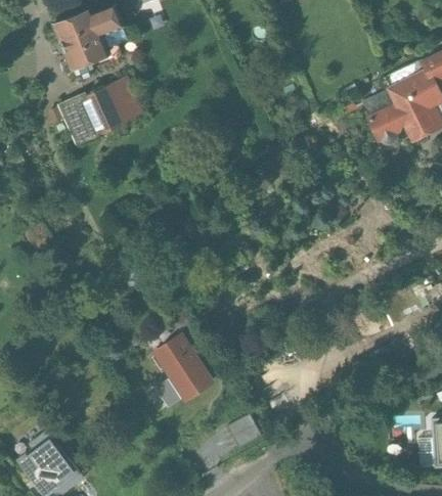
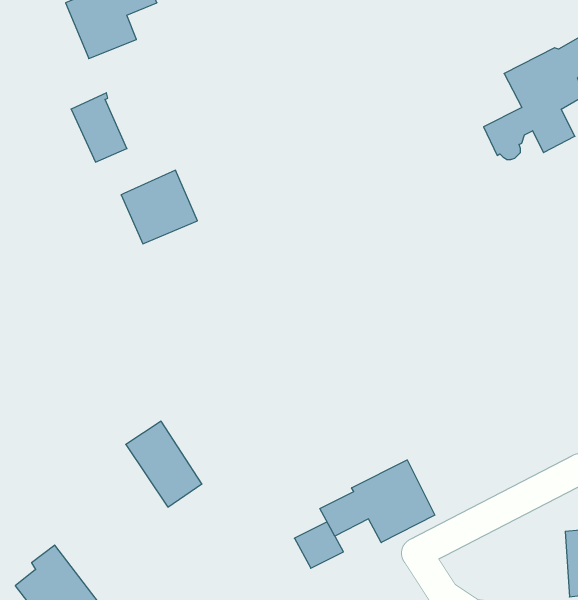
building: [84,80,141,135] -> [121,170,197,244]
building: [154,335,212,400] -> [126,421,202,507]
building: none -> [320,460,435,543]

